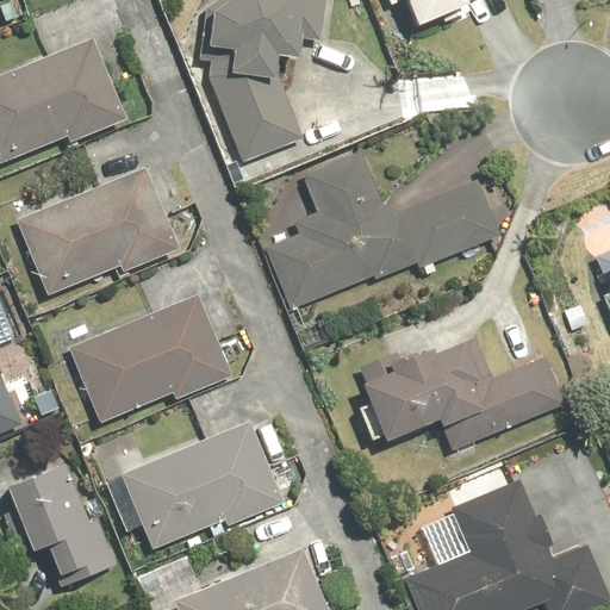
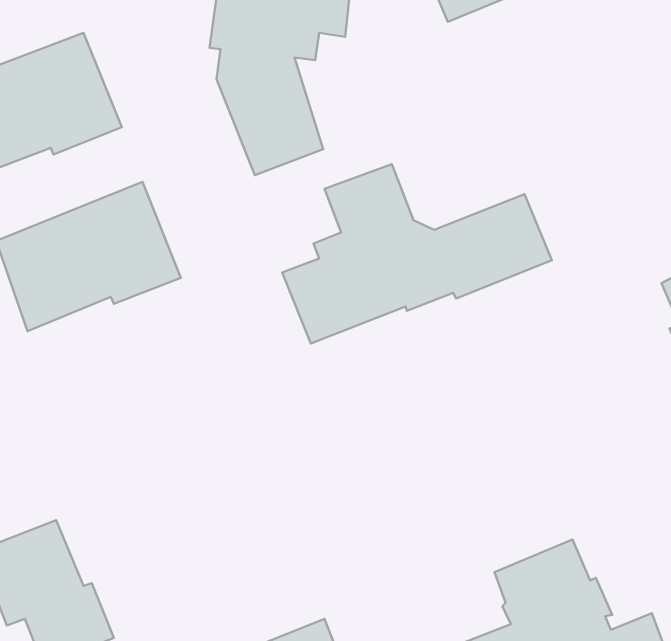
building: [68,295,231,423] -> none
building: [356,337,562,450] -> none
building: [119,421,284,550] -> none

